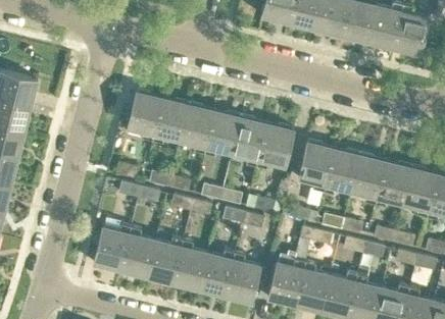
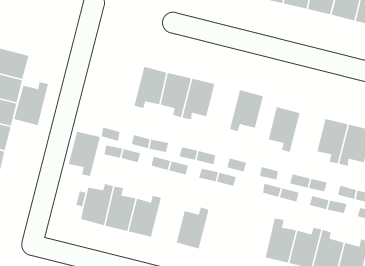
building: [127,90,162,140] -> [68,131,101,177]
building: none -> [13,81,49,126]
building: [231,115,266,165] -> none
building: [322,147,359,193] -> none
building: [170,238,206,288] -> none
building: [223,252,258,302] -> none
building: [266,258,304,305] -> none

